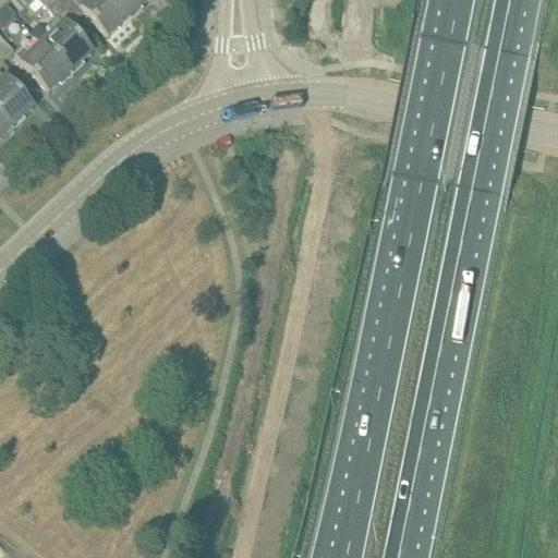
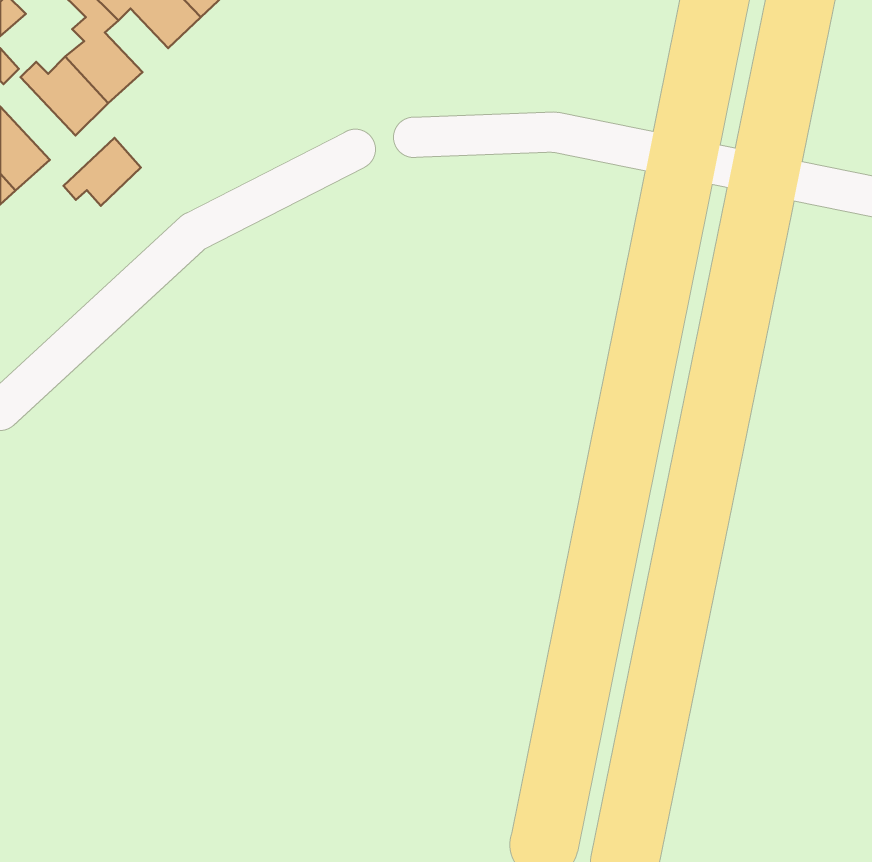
building: none -> [63,138,141,206]

